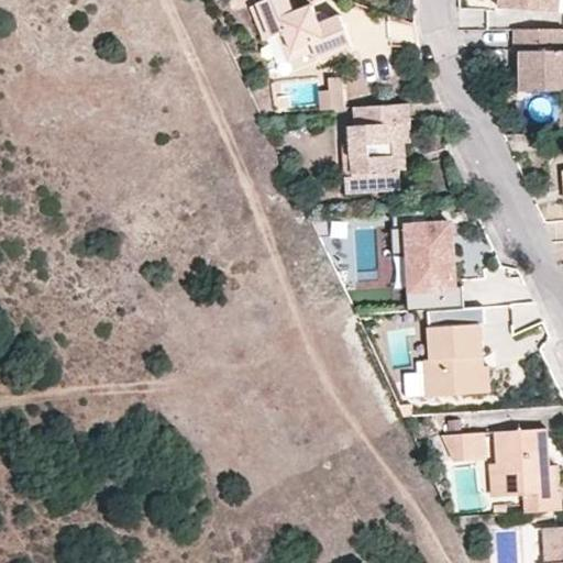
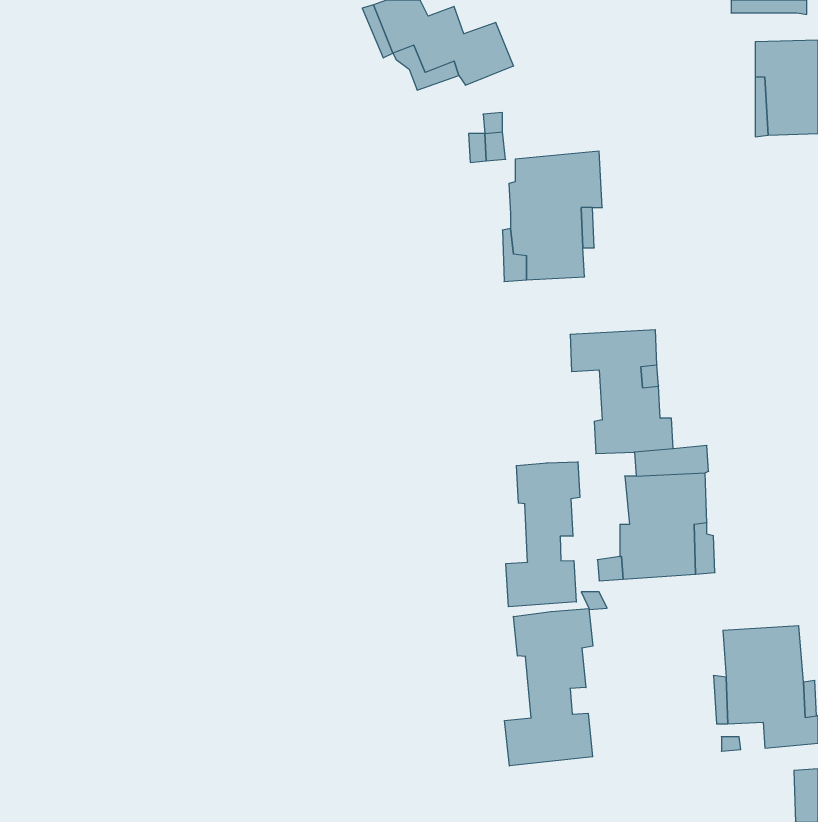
building: none -> [506,462,580,607]
building: none -> [505,609,593,766]
building: [441,431,485,460] -> none

